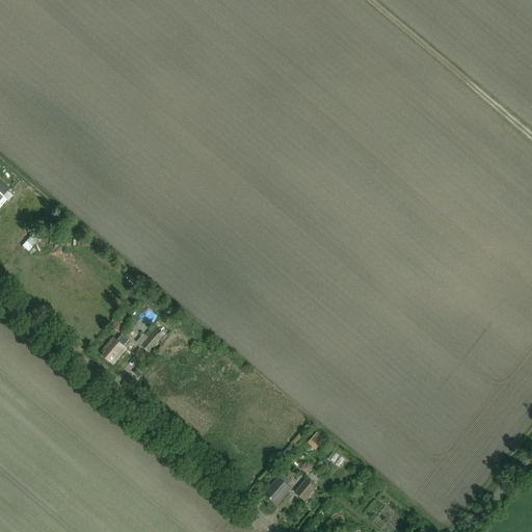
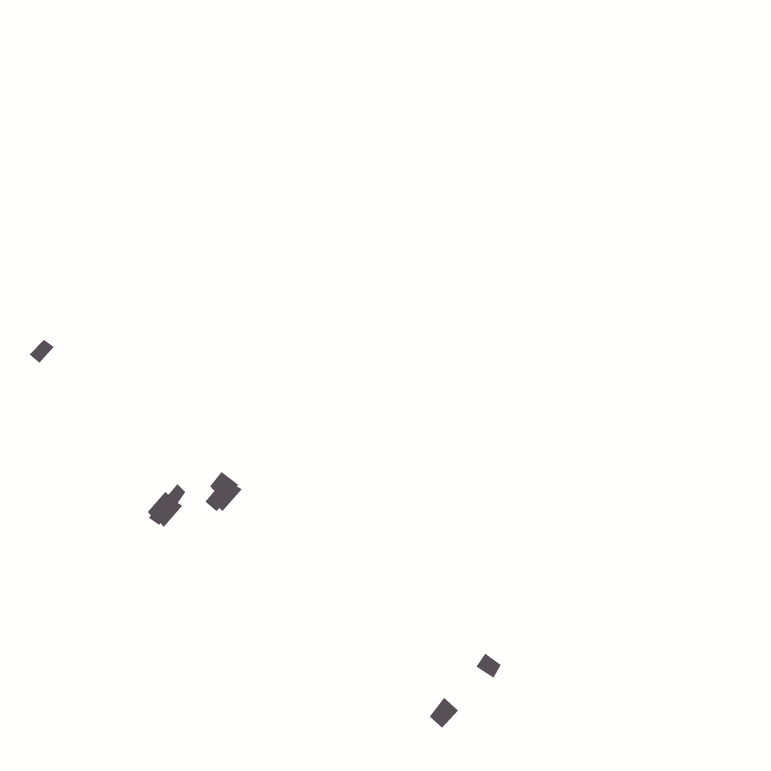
building: [265,474,290,503] -> none

